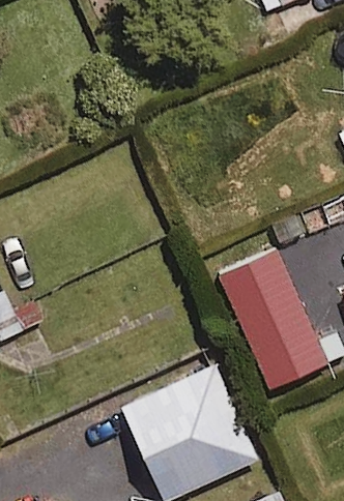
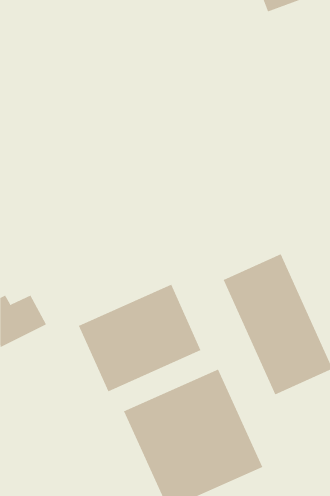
building: none -> [78,284,201,392]

